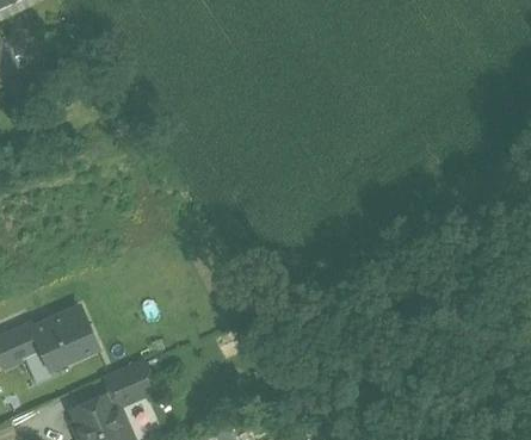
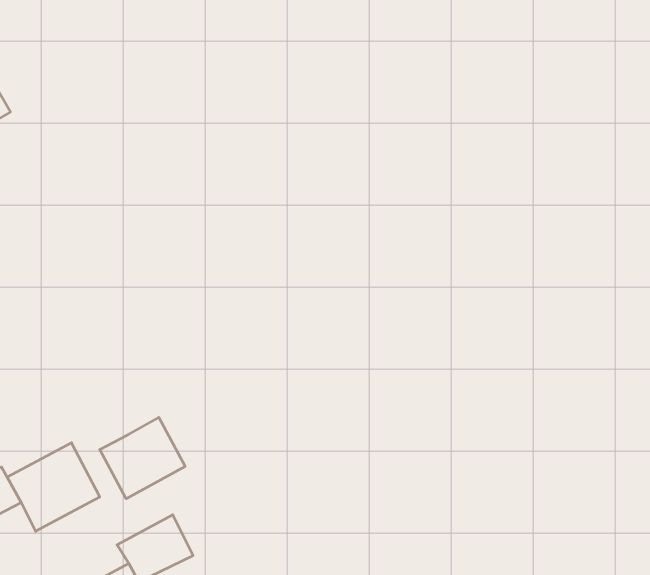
building: none -> [100,417,185,499]

